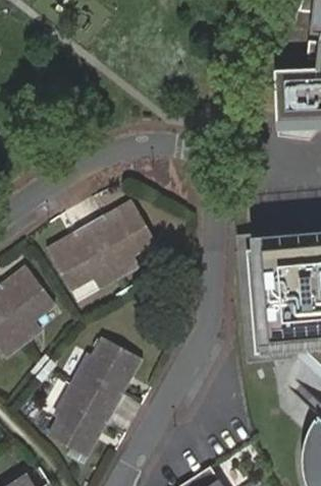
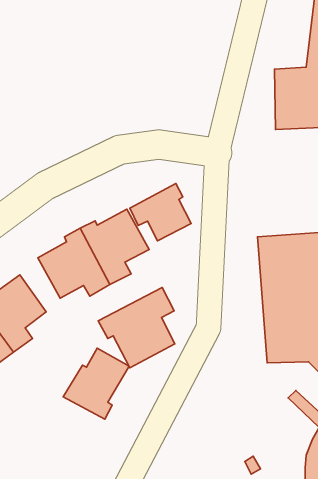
building: none -> [130,184,191,241]
building: none -> [98,288,175,368]
building: [49,385,112,453] -> none

